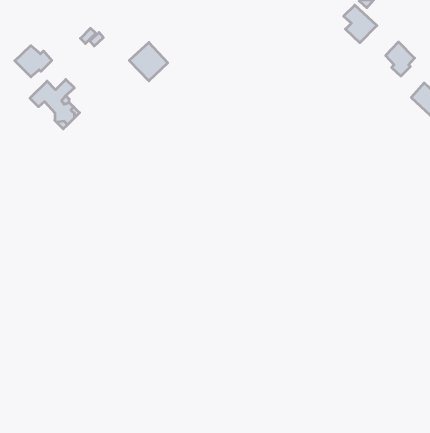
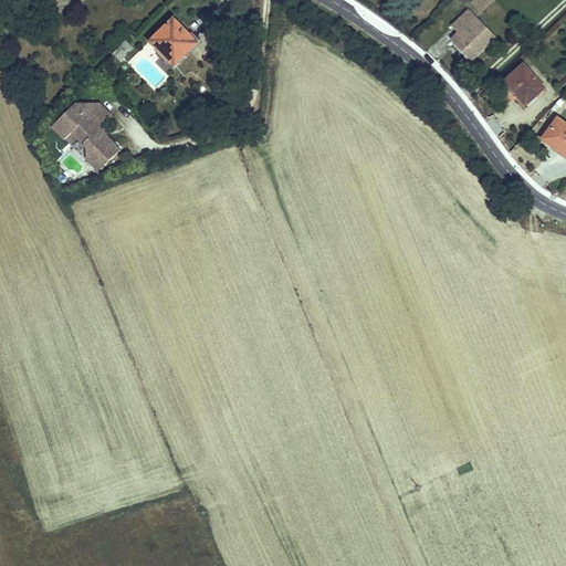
building: [129,42,168,81] -> [147,17,197,66]
building: [15,46,52,77] -> none

